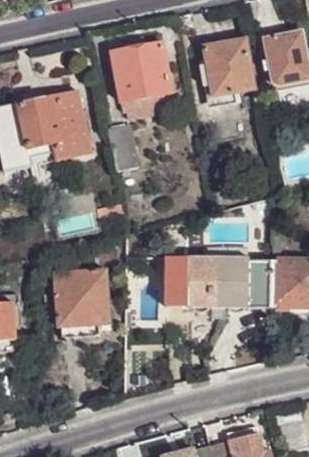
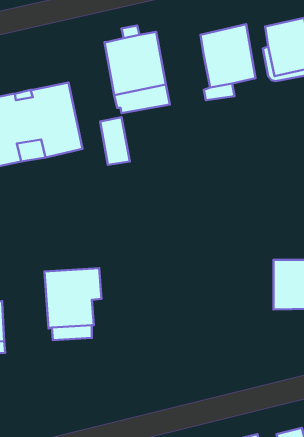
building: [167,255,272,316] -> none

